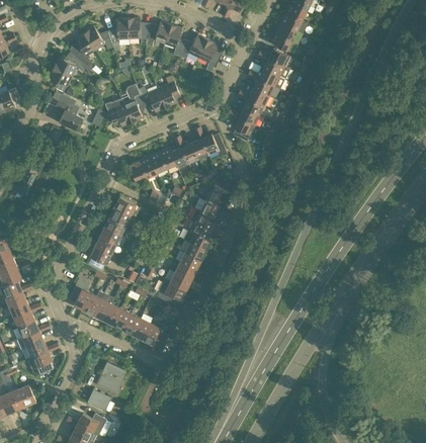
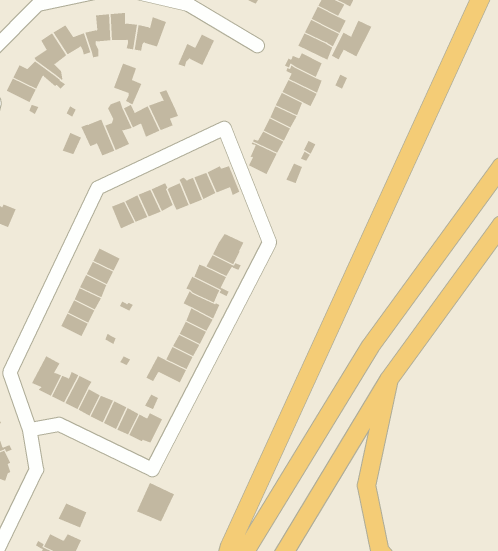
building: none -> [331,20,372,60]
building: [164,24,186,57] -> [113,63,142,105]
building: [198,38,220,72] -> none
building: [49,91,83,130] -> none
building: [96,362,125,392] -> [136,482,175,522]

